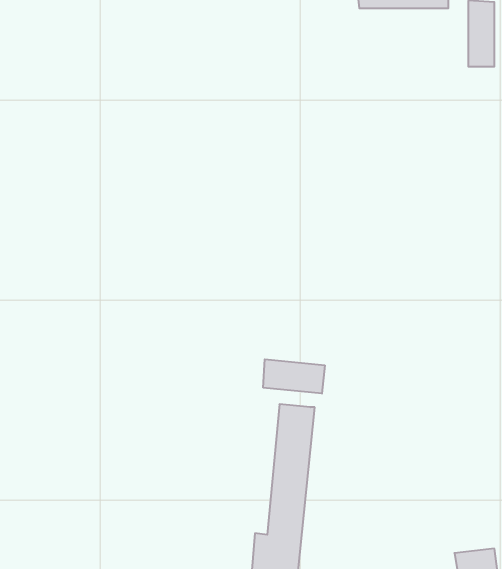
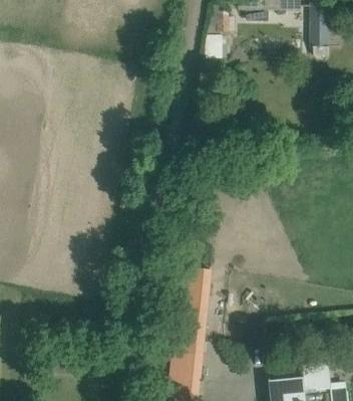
building: [263,359,325,394] -> none

